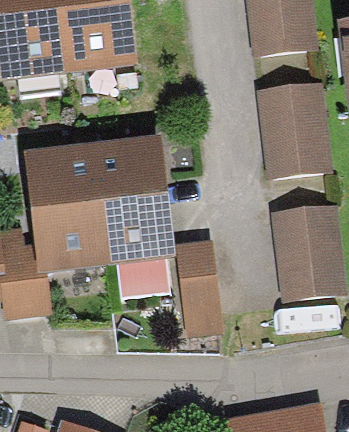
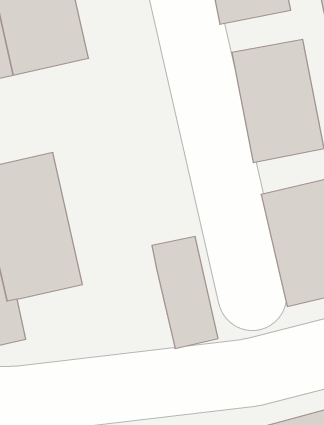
building: [92,146,173,272] -> none

